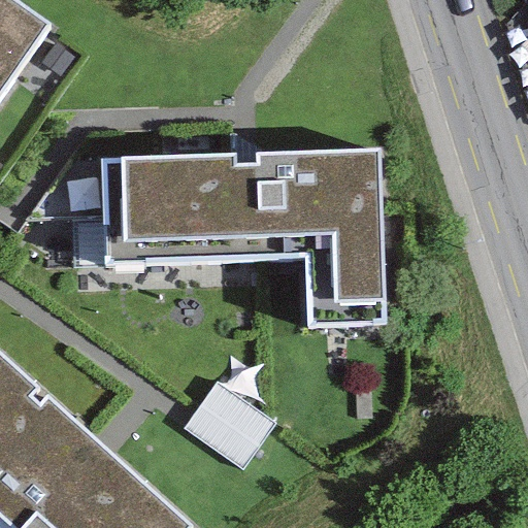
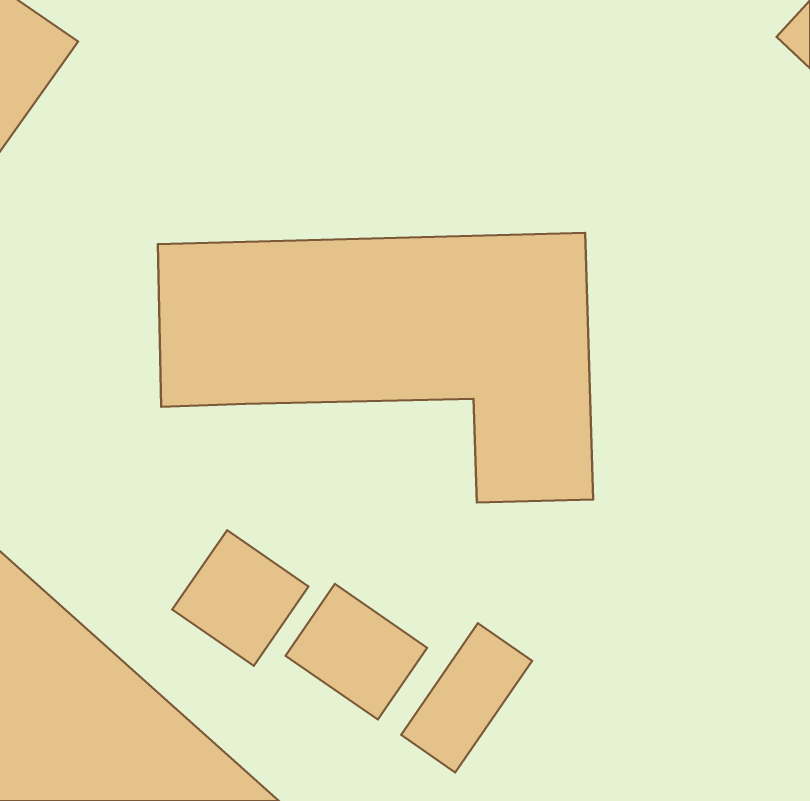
building: none -> [172,530,309,666]
building: none -> [401,623,532,772]

